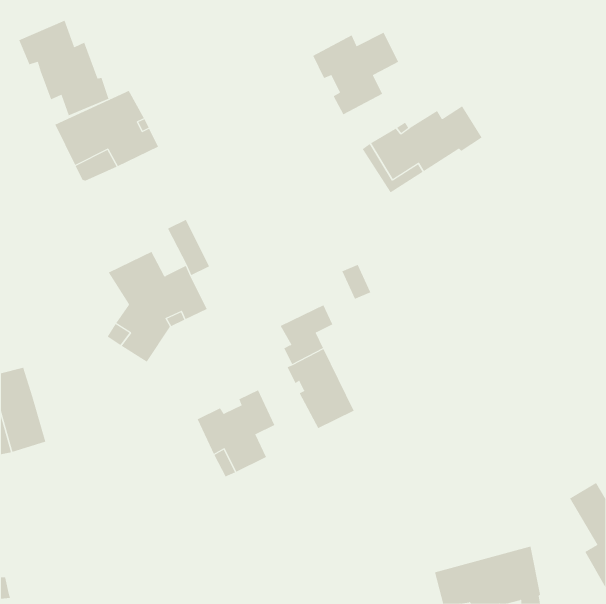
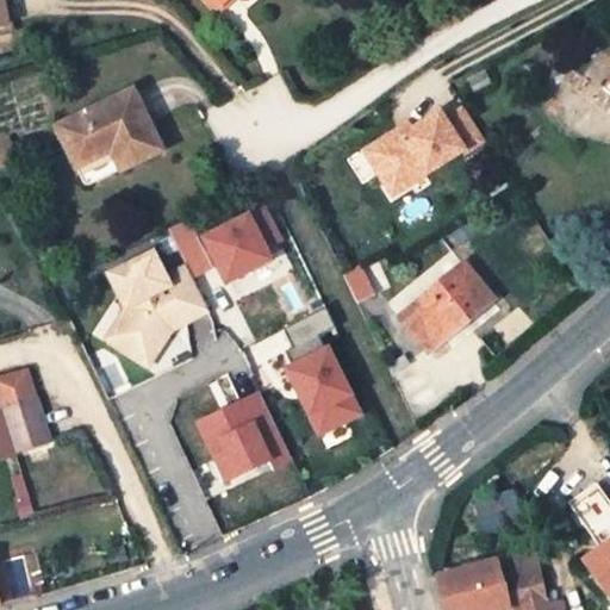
building: [18,20,109,116] -> none
building: [312,32,399,115] -> none
building: none -> [205,208,281,282]
building: none -> [399,263,491,350]

